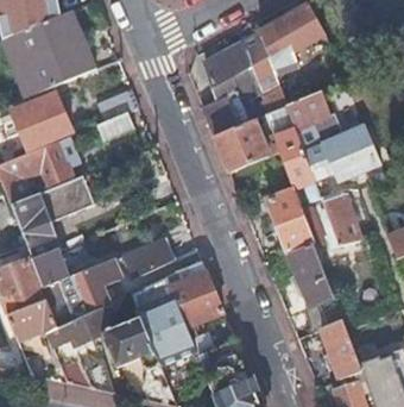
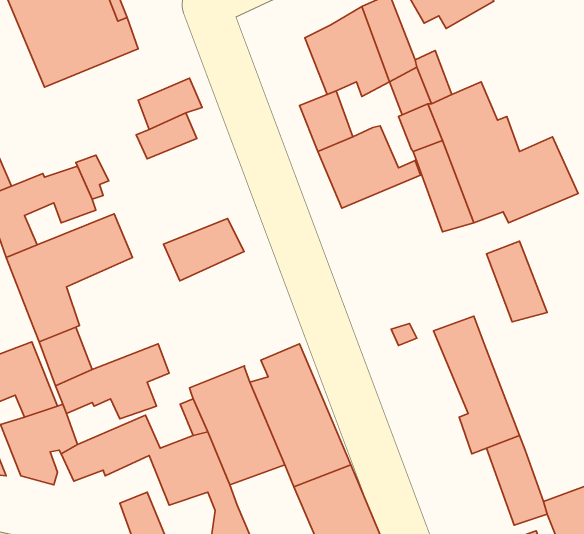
building: [11,94,71,150] -> none
building: [267,188,313,252] -> none
building: [120,238,172,278] -> [163,219,244,281]

